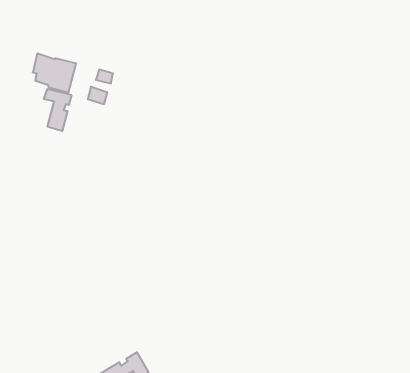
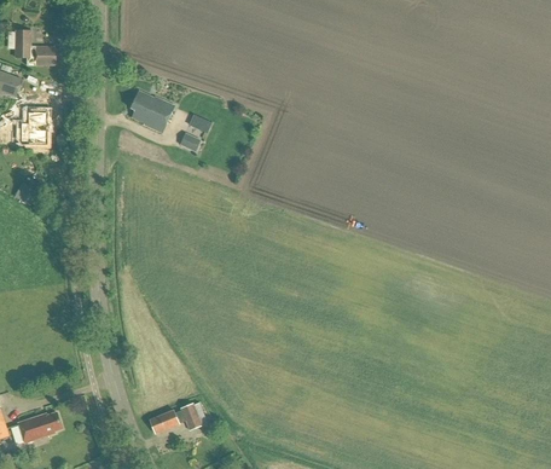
building: [44,89,71,131] -> none

